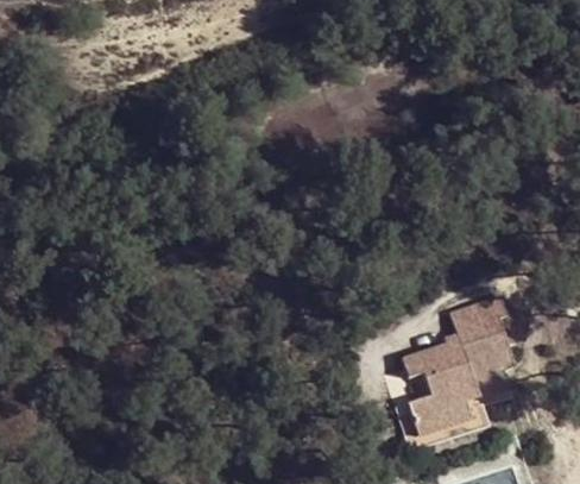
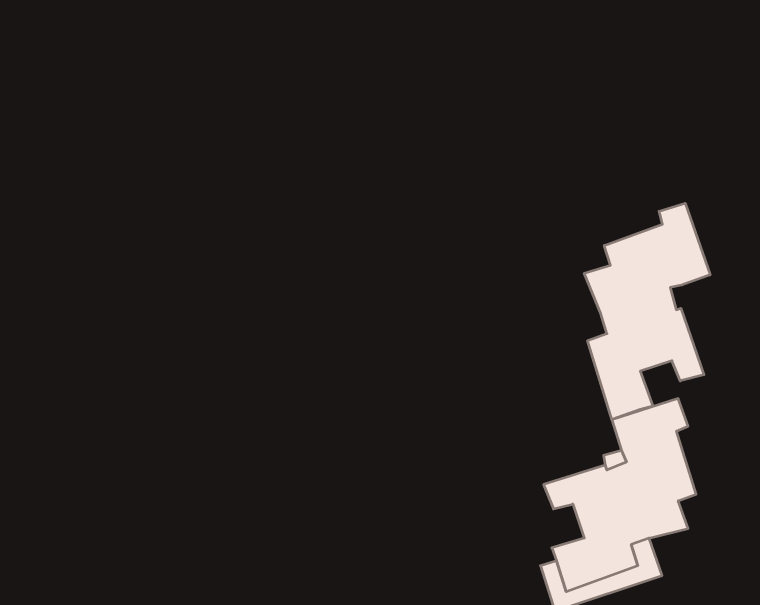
building: none -> [584,203,710,420]

